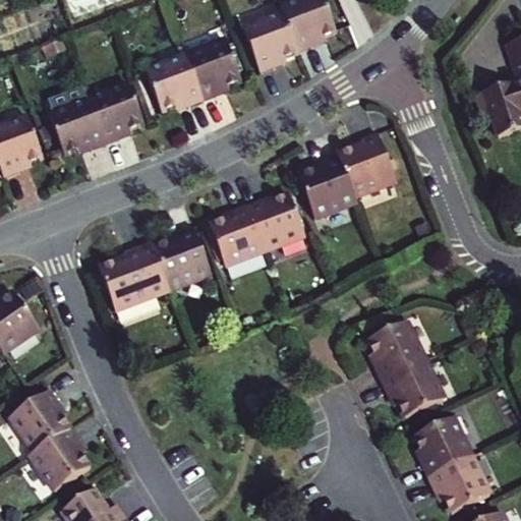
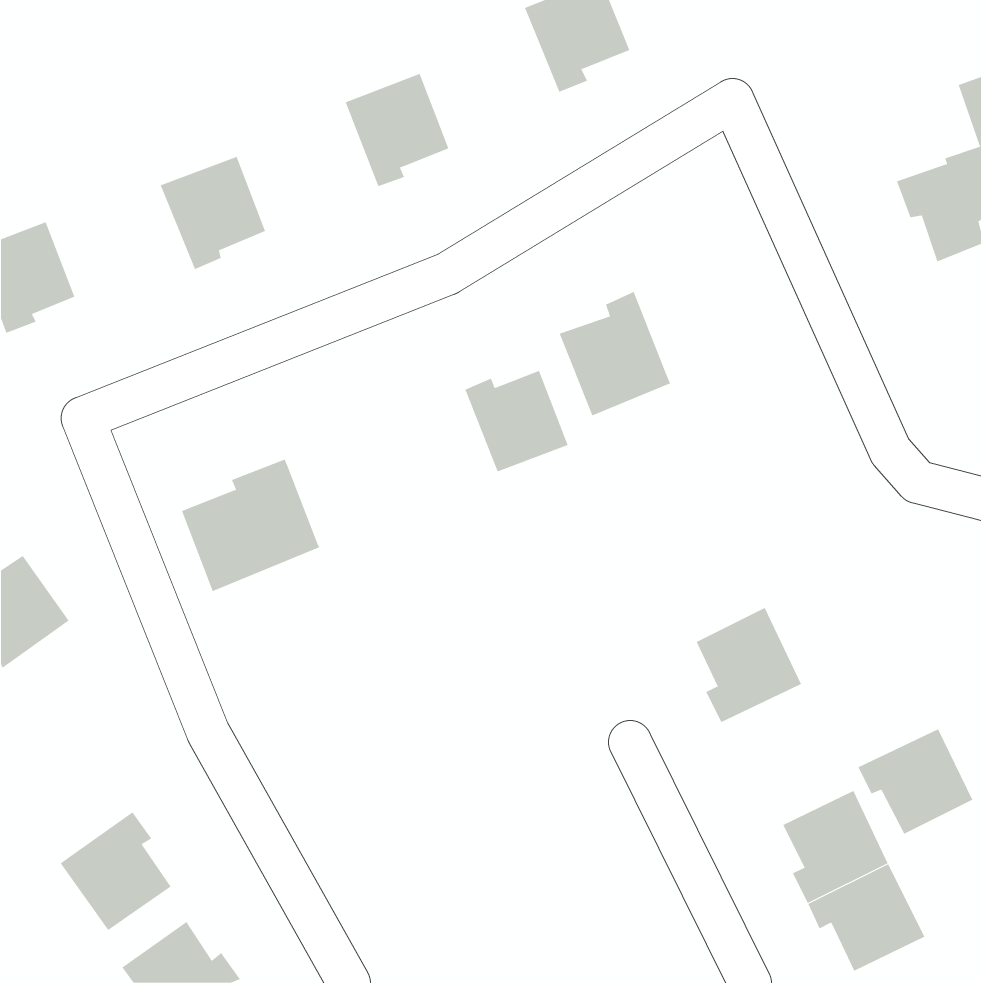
building: [242,9,297,71] -> none
building: [144,54,201,110] -> none
building: [47,98,105,154] -> none
building: [337,133,398,197] -> none
building: [212,206,265,265] -> none
building: [155,228,207,287] -> none
building: [383,361,444,417] -> [858,729,973,835]
building: [13,389,72,453] -> none

